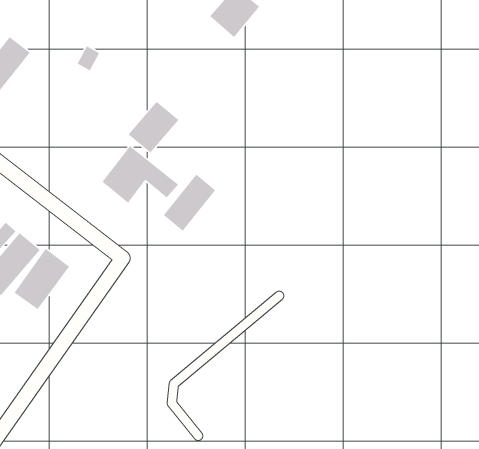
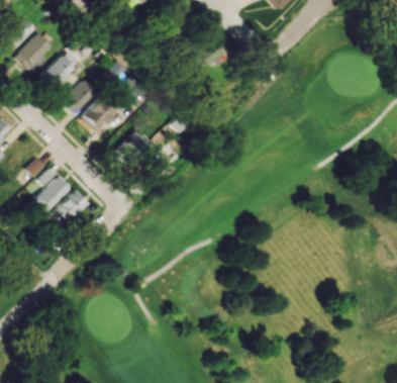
building: none -> [64,79,97,111]
building: [128,101,179,154] -> [81,96,115,129]
building: [163,174,216,232] -> none

